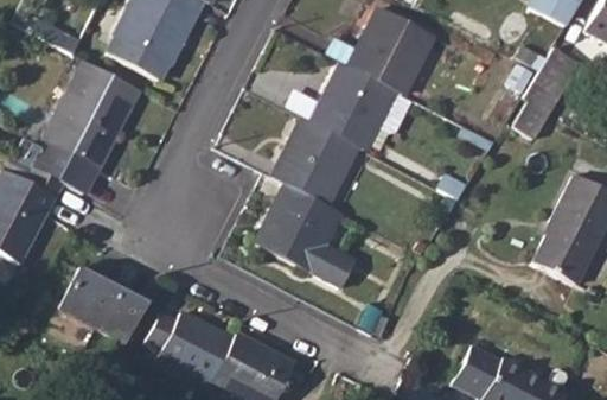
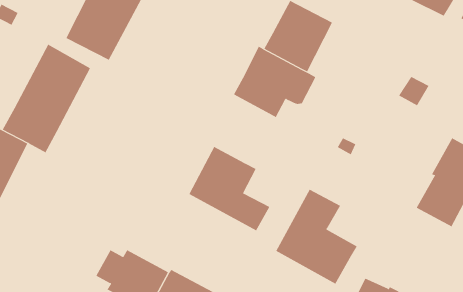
building: [524,46,580,110] -> none
building: [275,118,356,204] -> none
building: none -> [275,189,358,285]
building: [58,266,146,343] -> none

